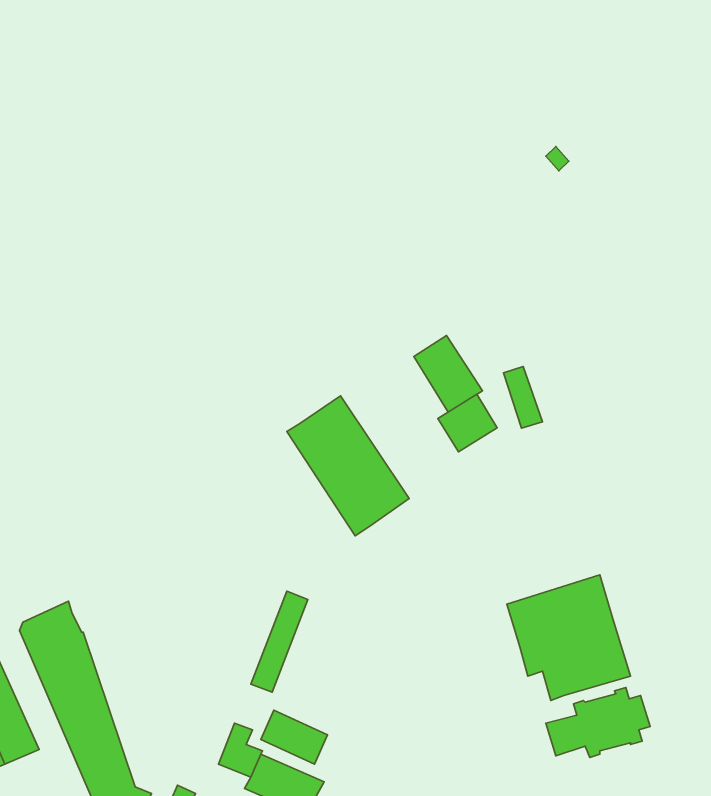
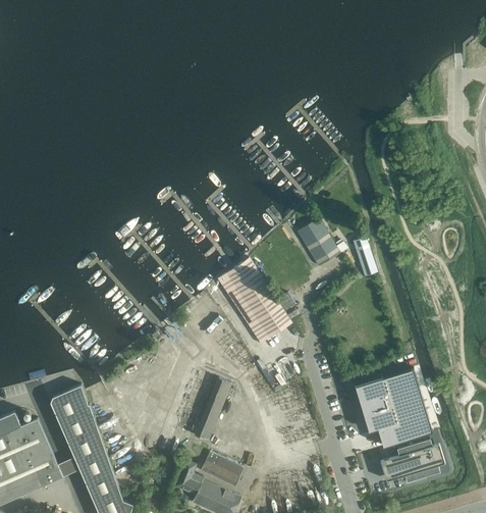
building: [438,394,497,452] -> none

